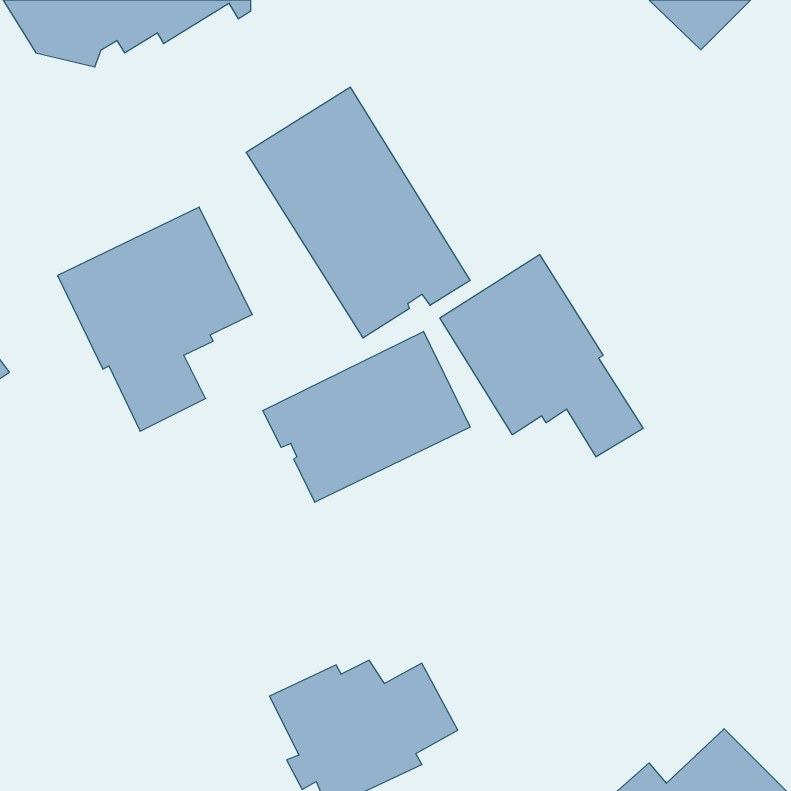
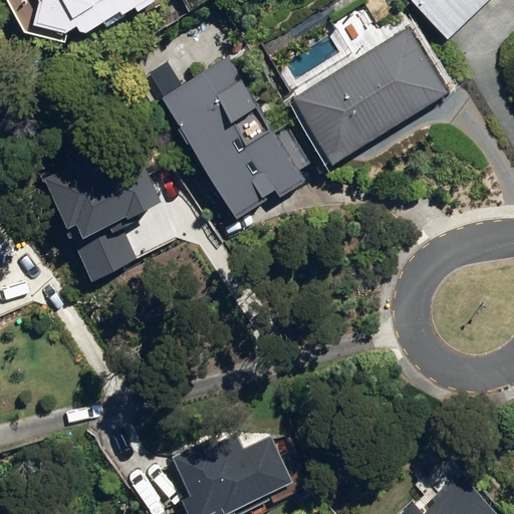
building: none -> [296,22,453,157]
building: [440,254,643,457] -> none
building: [263,331,470,502] -> none

